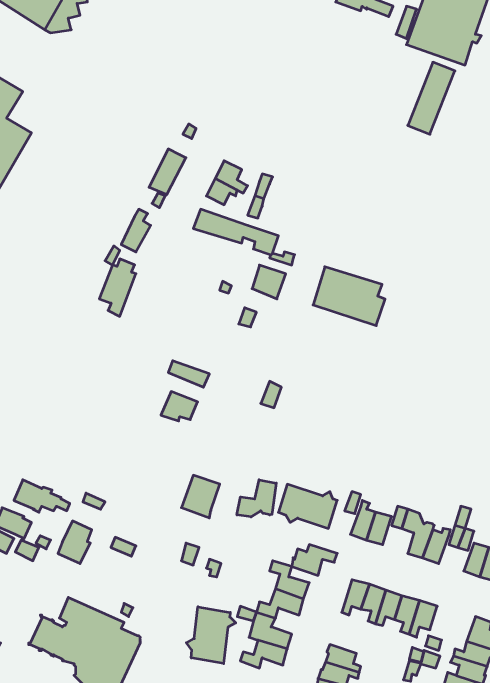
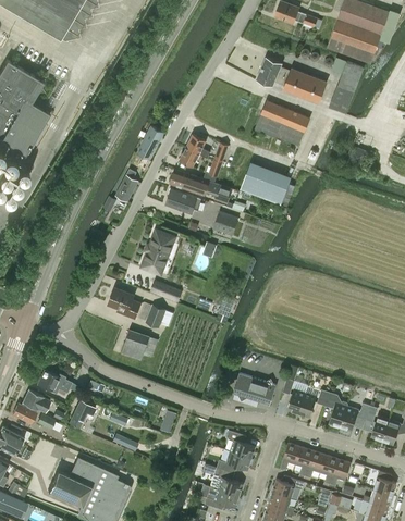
building: none -> [257,58,327,103]
building: none -> [255,100,310,146]
building: none -> [165,188,202,212]
building: [99,259,136,316] -> [145,232,172,274]
building: [313,267,385,326] -> [241,161,294,204]
building: none -> [109,287,140,318]
building: [181,475,220,518] -> [121,330,149,361]
building: [237,480,276,517] -> none
building: [292,545,337,575] -> [271,475,305,498]
building: [186,607,236,664] -> none

